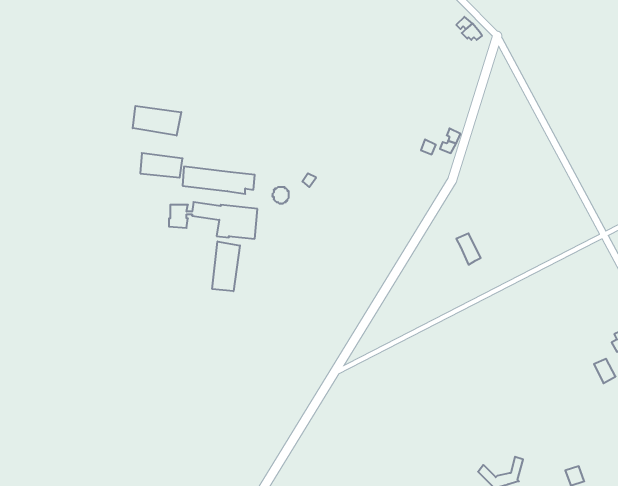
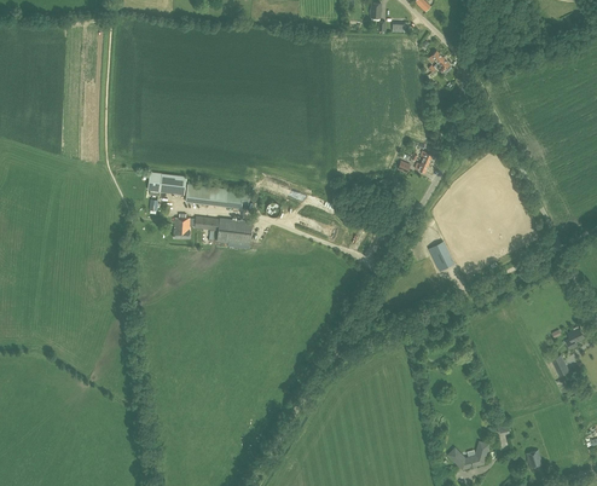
building: [133,106,181,136] -> none
building: [212,241,240,291] -> none

